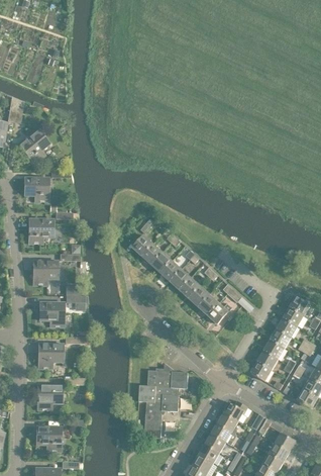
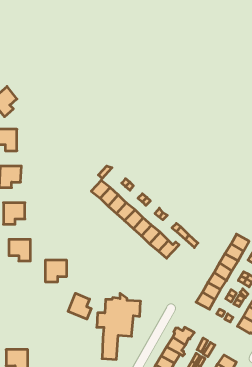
building: [37,344,62,368] -> [45,260,67,282]
building: none -> [68,293,91,319]
building: [36,385,61,409] -> none

